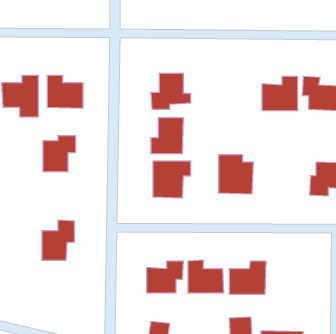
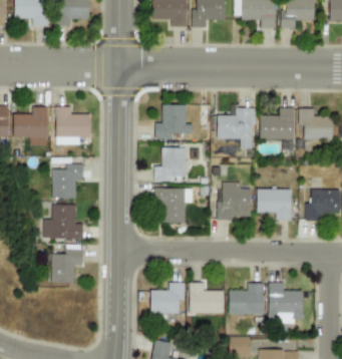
building: none -> [217,107,255,147]
building: none -> [257,189,291,220]
building: none -> [43,204,83,239]
building: none -> [269,282,303,322]

